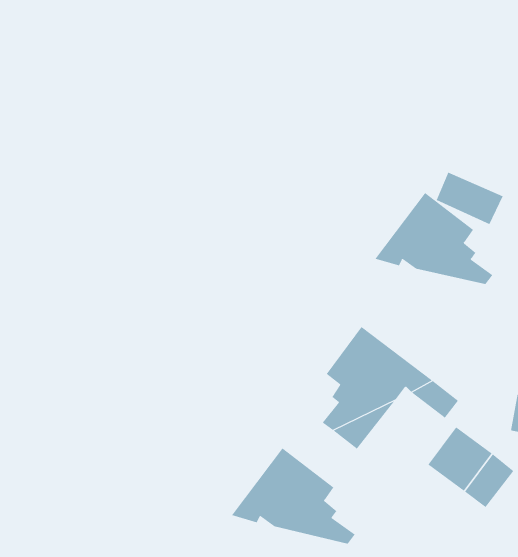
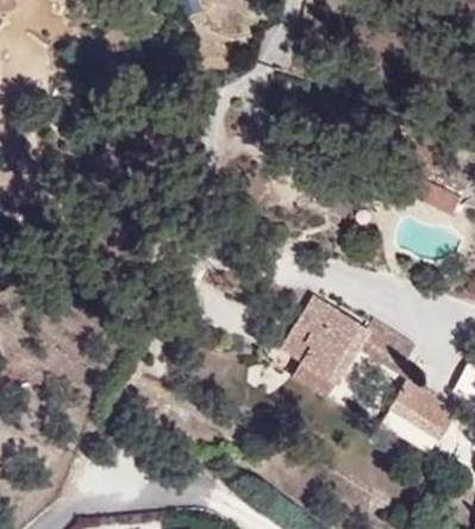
building: [375,192,493,285] -> none
building: [231,447,356,545] -> none

